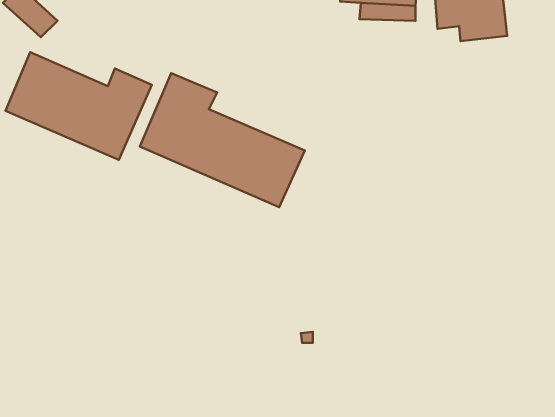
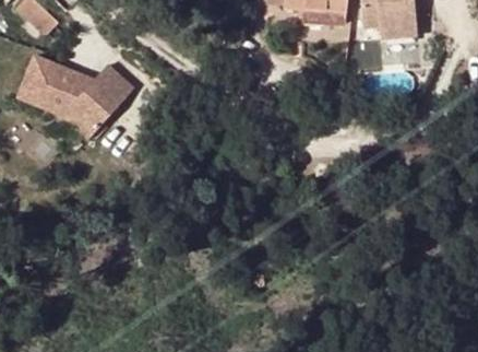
building: [140,73,305,207] -> none

